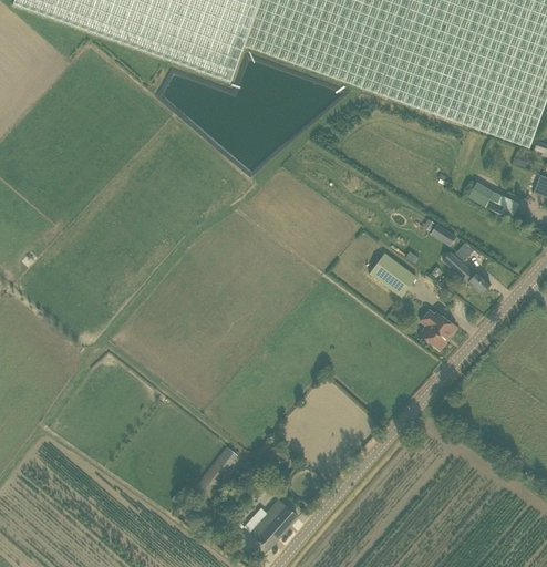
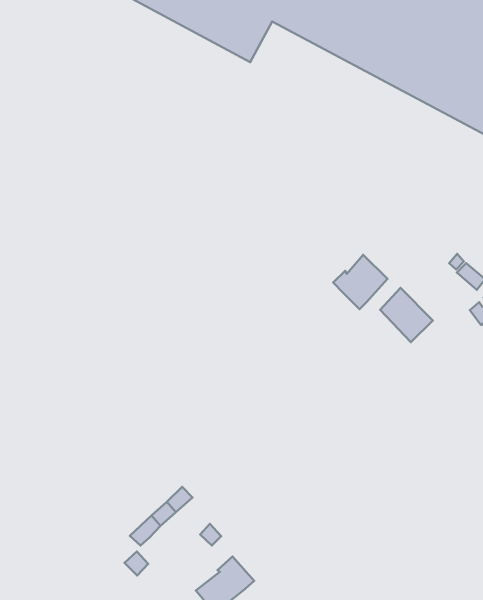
building: none -> [333,255,388,309]
building: [419,308,456,348] -> none

